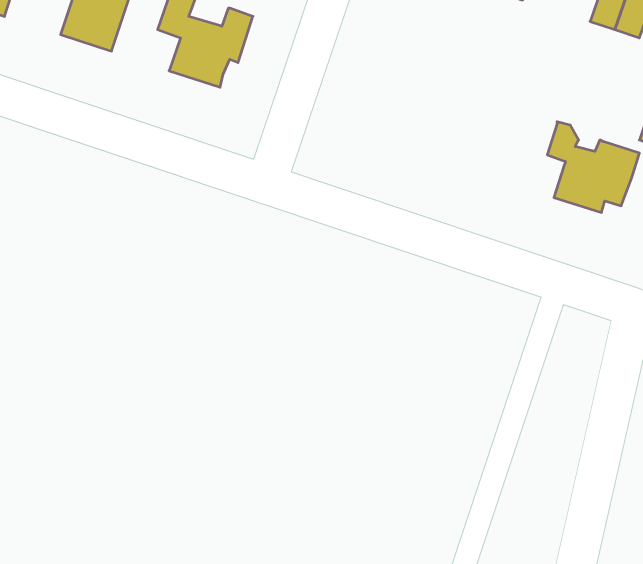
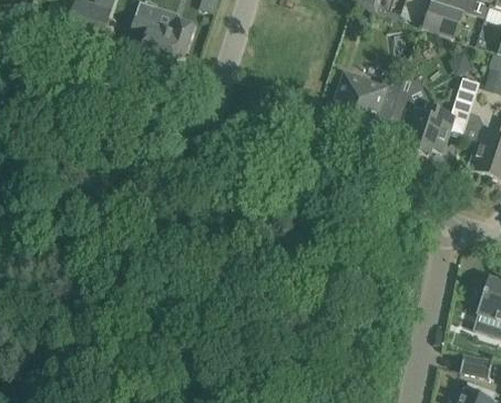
building: none -> [329,70,401,133]

